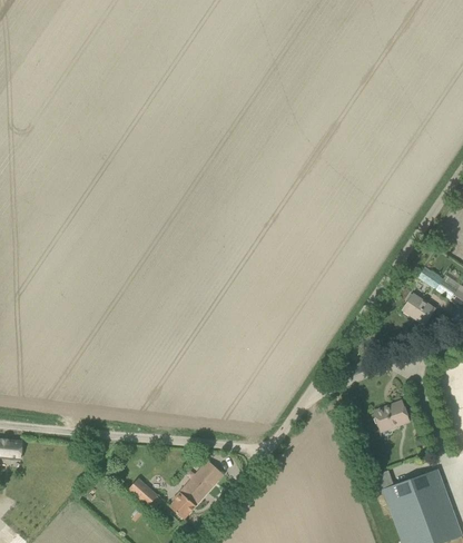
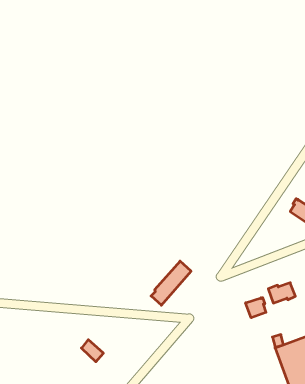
building: none -> [246,298,266,318]
building: [170,461,223,519] -> [151,261,191,305]

